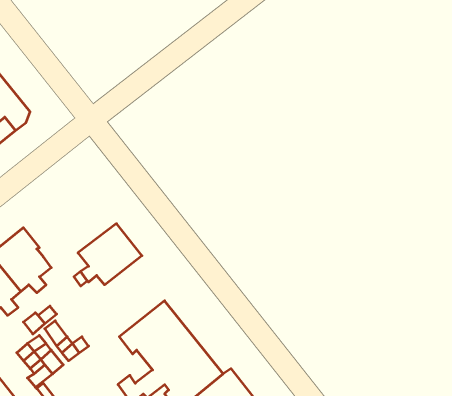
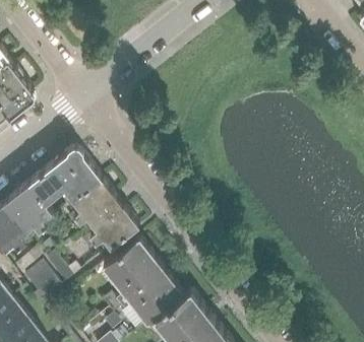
building: none -> [28,150,100,205]
building: none -> [87,204,136,249]

